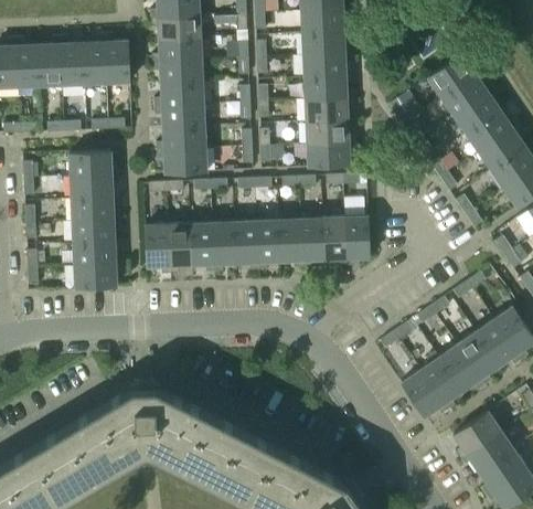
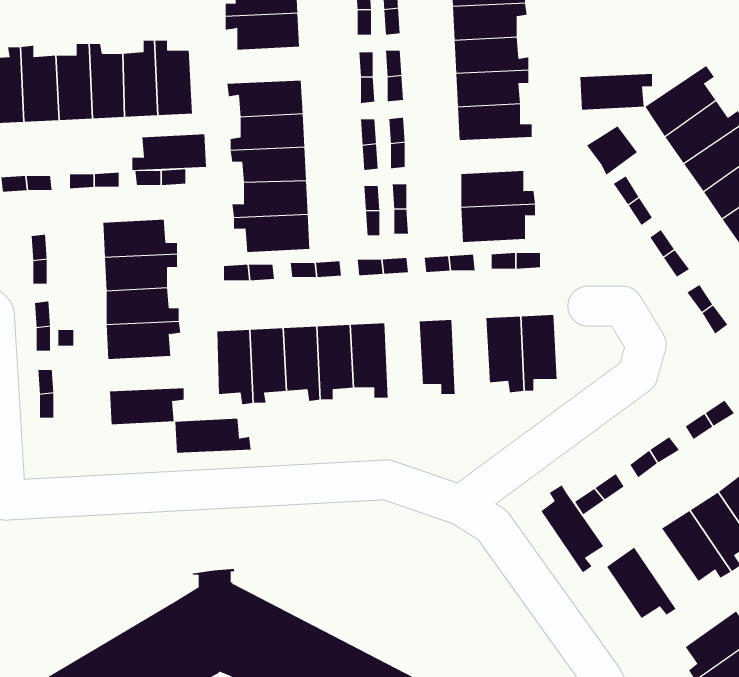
building: [151,39,201,63] -> [131,134,207,171]
building: [305,98,353,123] -> [579,74,653,110]
building: [300,218,324,268] -> none
building: [256,220,280,271] -> none
building: [73,243,124,266] -> [175,418,251,453]
building: [420,351,462,410] -> [541,484,604,573]

